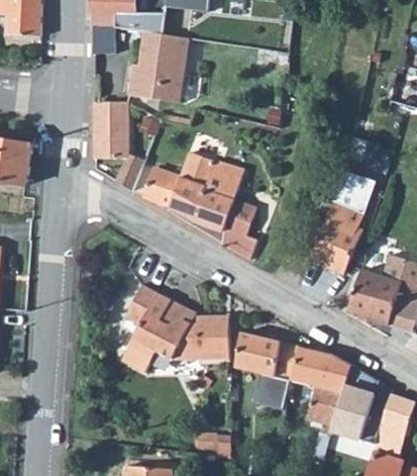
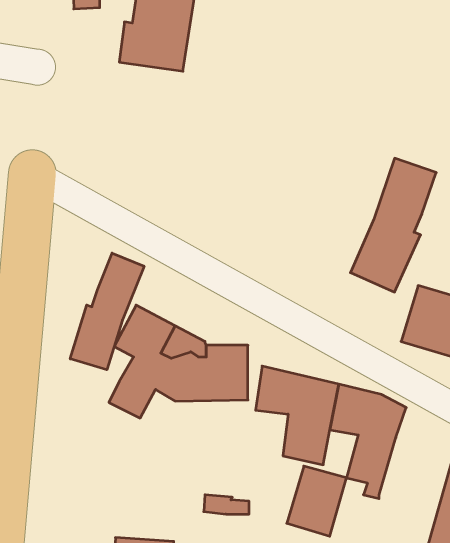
building: [93,102,143,191] -> none
building: [141,153,256,260] -> none
building: none -> [70,253,144,370]
building: [330,388,377,443] -> [287,466,347,536]

